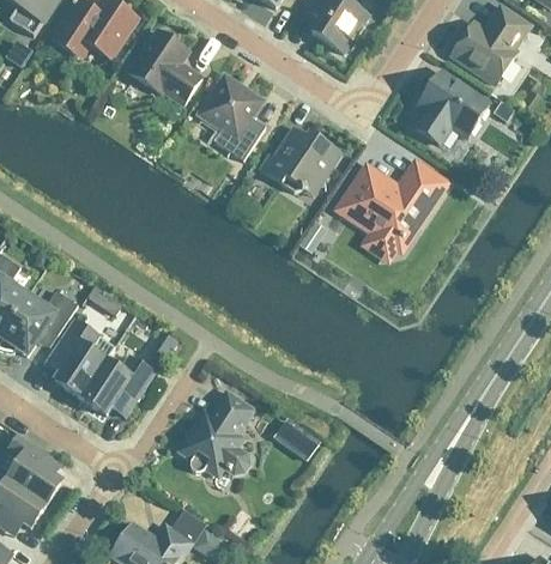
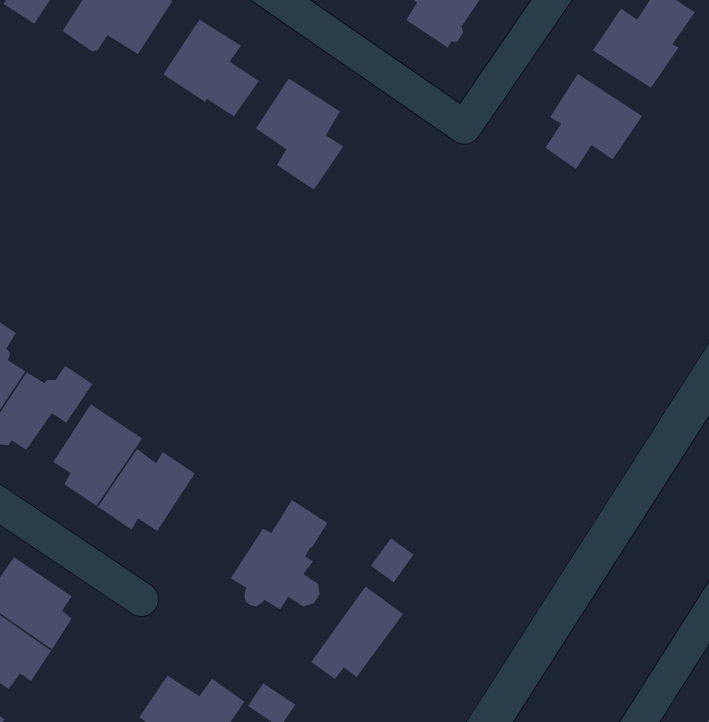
building: [260,126,343,192] -> none
building: [338,160,448,254] -> none
building: none -> [310,586,404,680]

